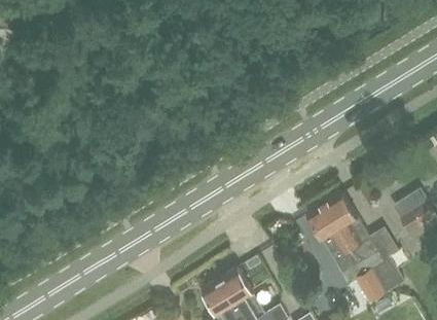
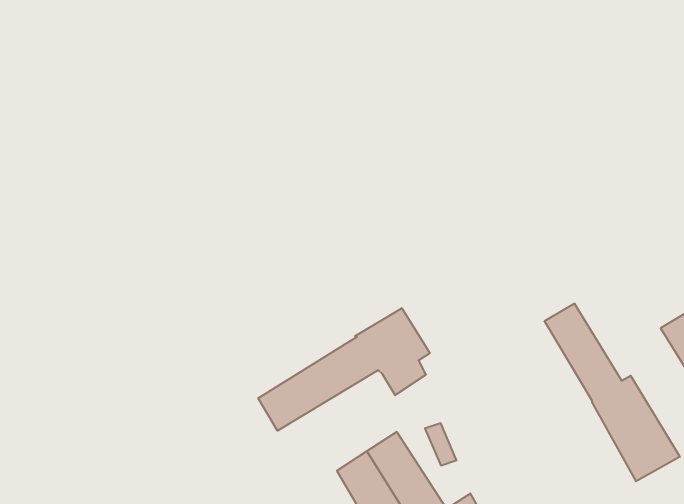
building: none -> [258,308,430,431]
building: [306,204,376,303] -> none

